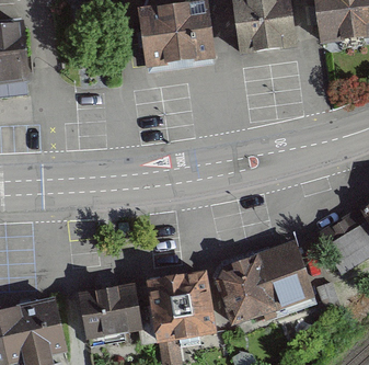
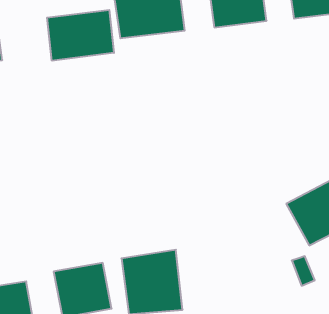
building: none -> [47,10,114,61]
building: [214,244,309,323] -> none

